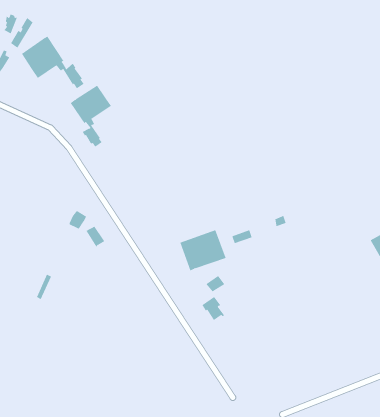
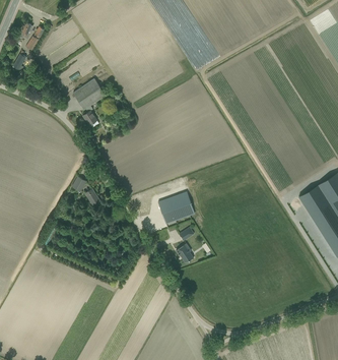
building: [21,36,84,89] -> none

